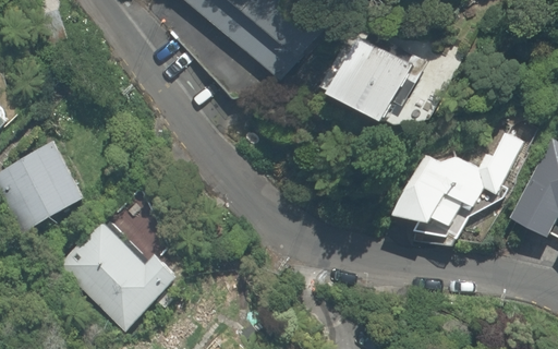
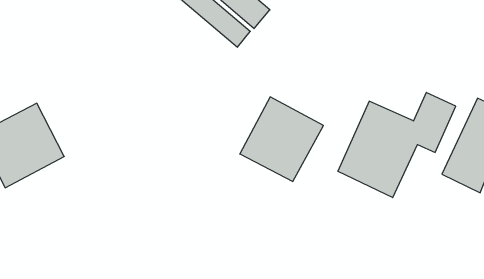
building: [325,34,417,128] -> [240,97,323,181]
building: [61,218,172,329] -> none

